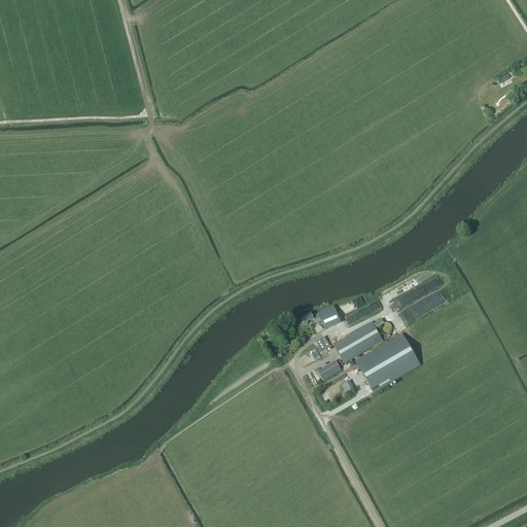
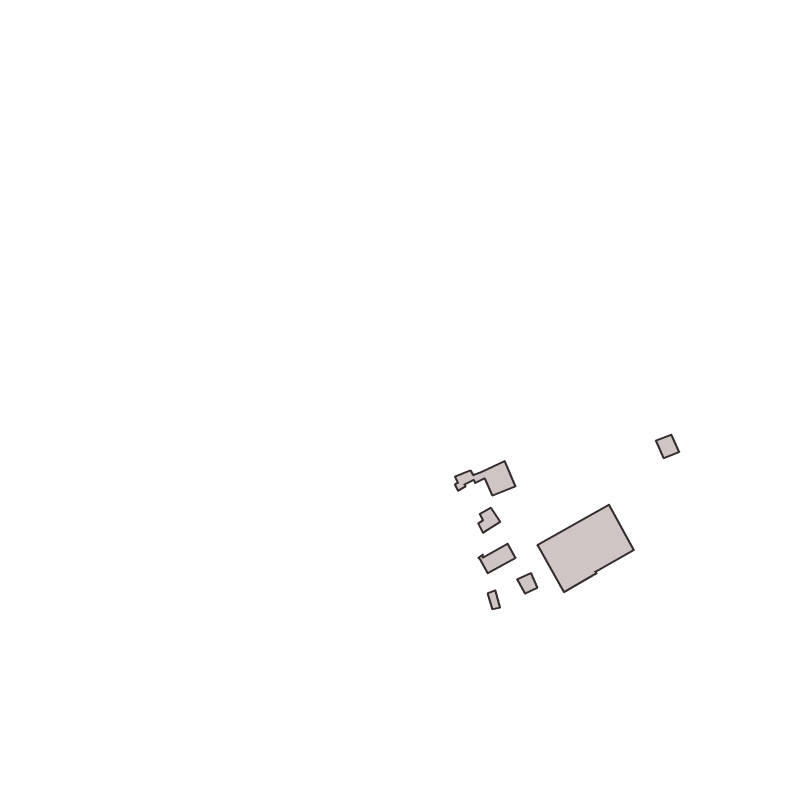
building: [332,320,382,361] -> none

